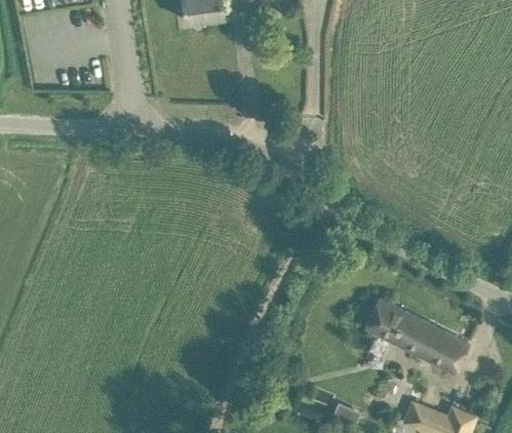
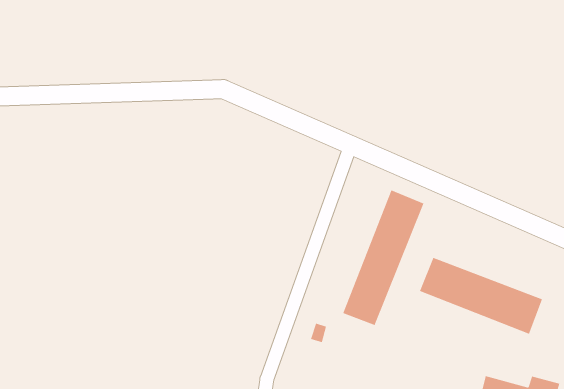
building: none -> [343,190,424,326]

